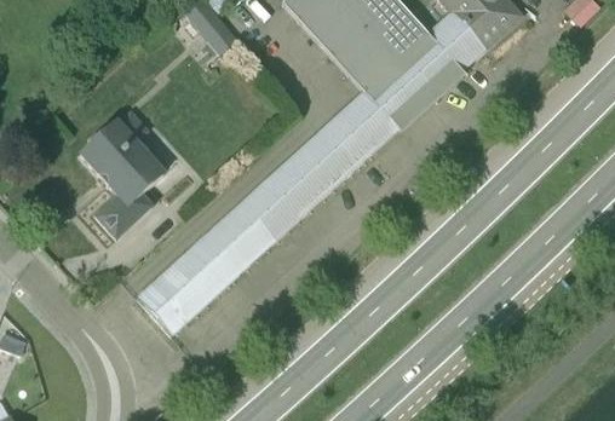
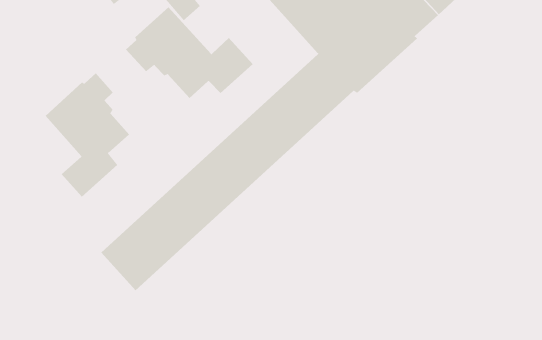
building: none -> [125,7,253,99]

